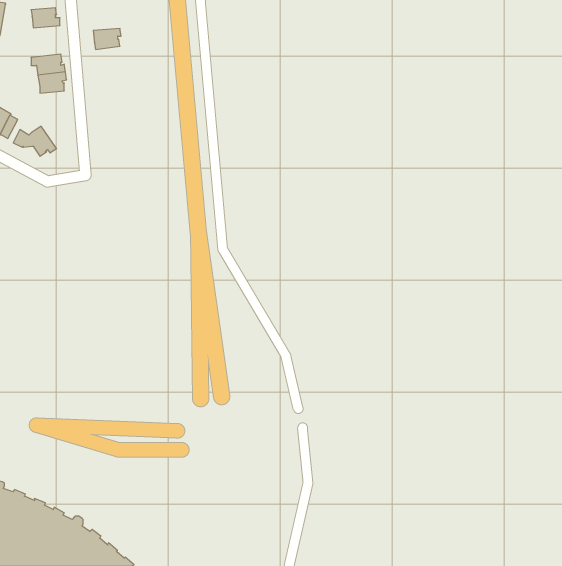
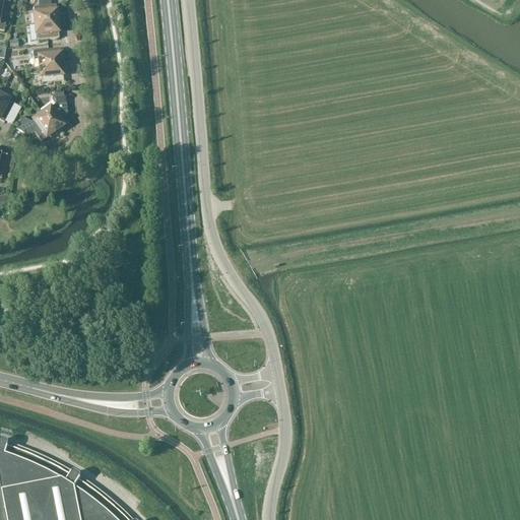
building: [93,28,121,49] -> [30,23,56,43]
building: none -> [38,99,64,136]

